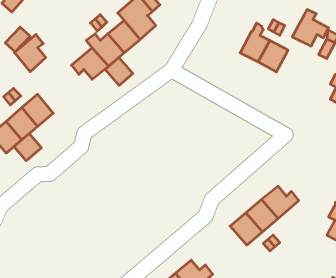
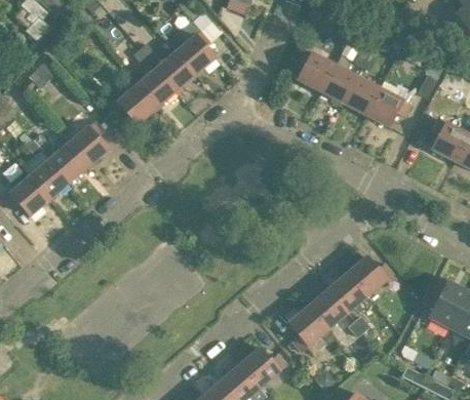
building: [292,10,329,46] -> [365,81,410,126]
building: none -> [298,48,335,91]
building: [14,34,46,72] -> [69,120,108,166]
building: [105,57,133,85] -> none
building: [14,134,41,161] -> none
building: none -> [288,306,336,352]

